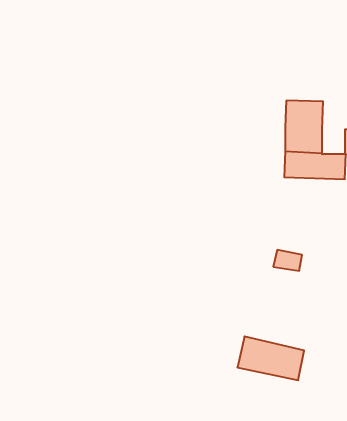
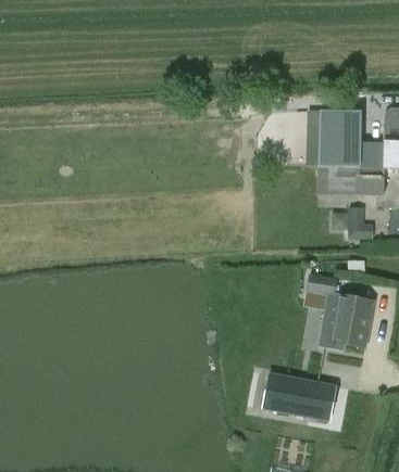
building: none -> [347,208,372,240]
building: none -> [328,295,371,347]

